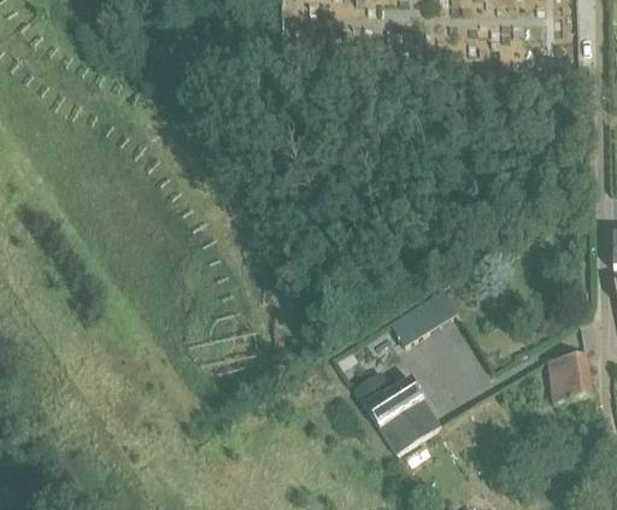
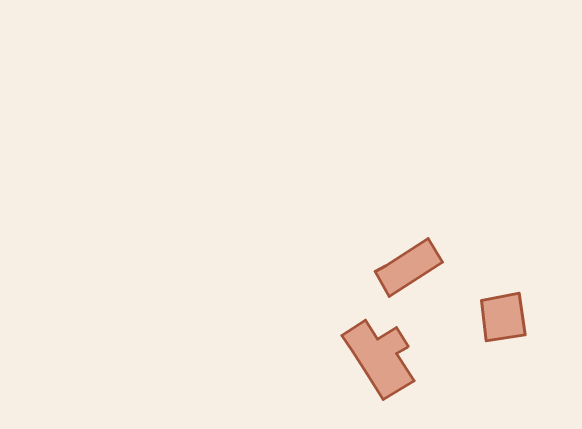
building: [548,352,593,400] -> [481,293,525,341]

